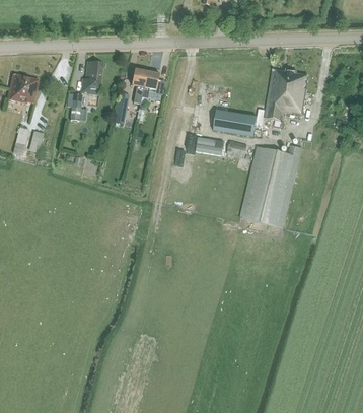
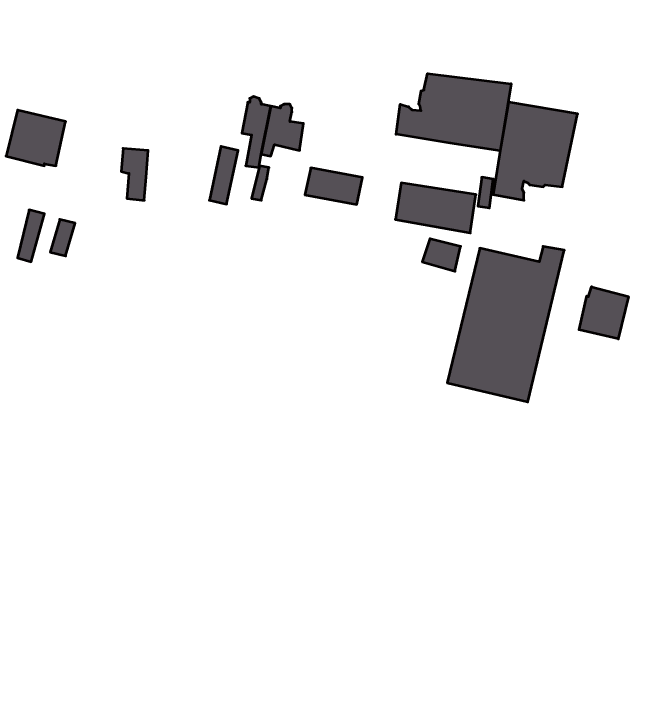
building: none -> [396,74,511,151]
building: [80,61,101,94] -> none
building: [194,135,224,154] -> [305,168,362,204]
building: none -> [579,287,628,339]

